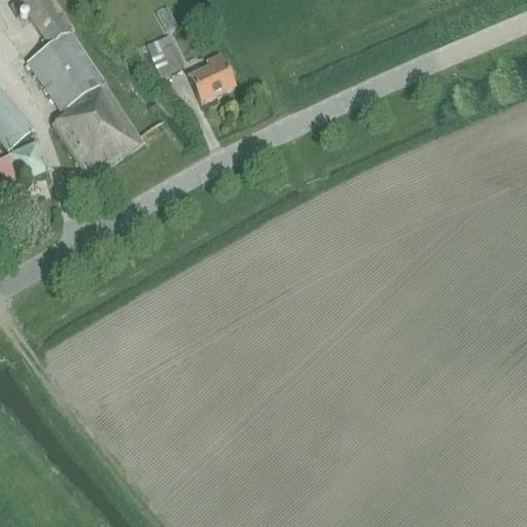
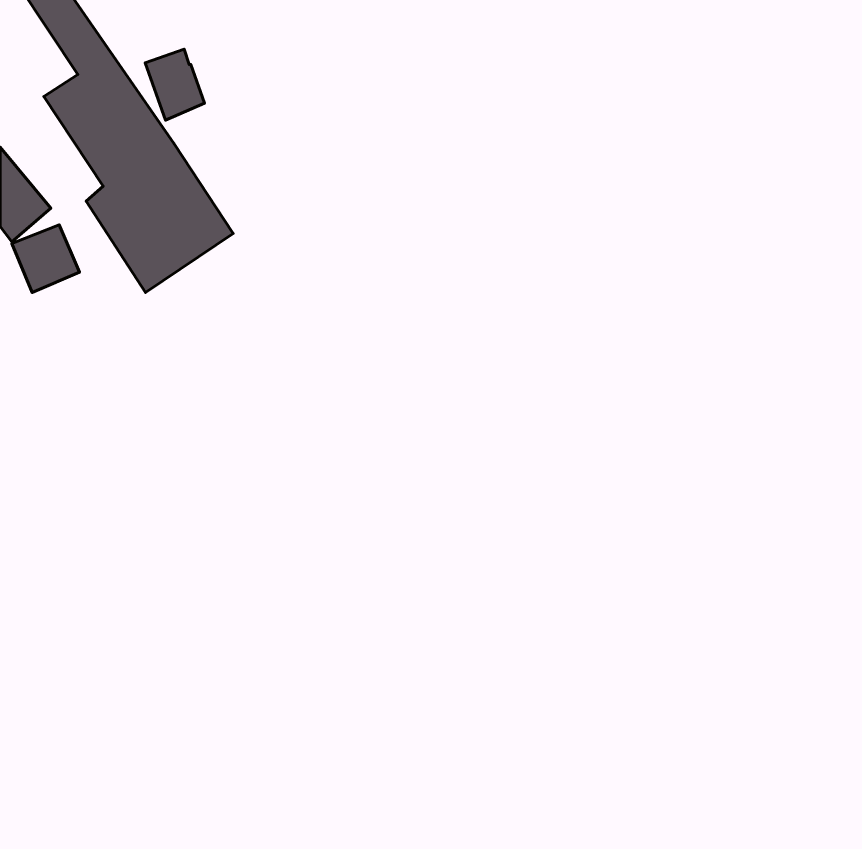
building: [147,30,183,73] -> [145,49,204,120]
building: [189,51,233,101] -> none

